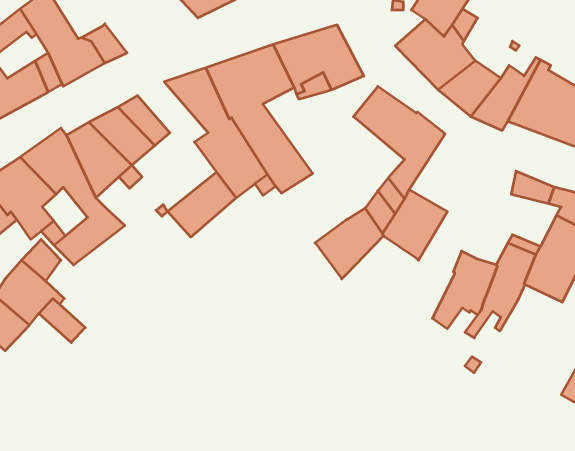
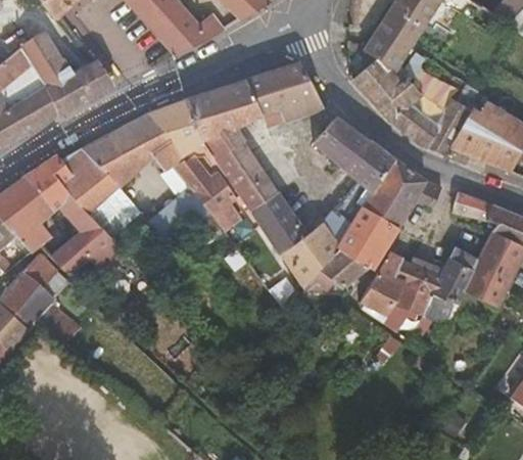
building: none -> [125,112,187,171]
building: none -> [364,158,442,227]
building: none -> [251,193,308,255]
building: none -> [308,248,370,288]
building: none -> [360,252,410,315]

